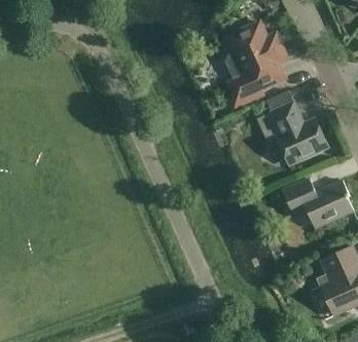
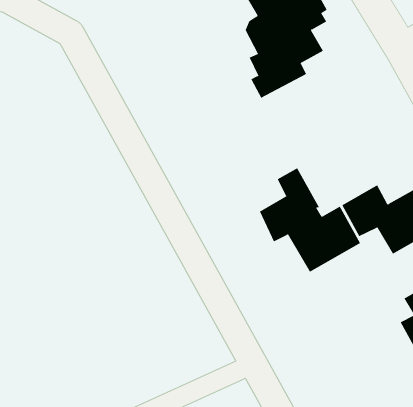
building: [258,88,328,163] -> [259,167,361,272]

